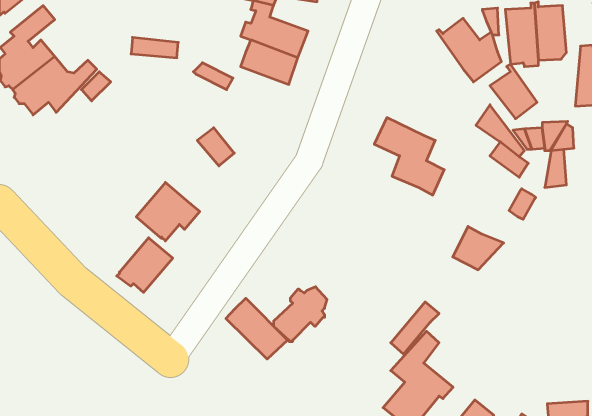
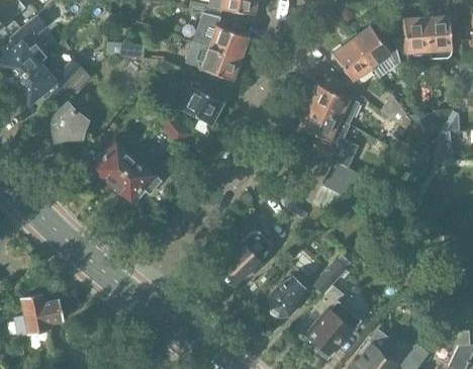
building: [490,64,537,119] -> [333,36,370,80]
building: none -> [180,85,222,133]
building: none -> [309,85,349,119]
building: none -> [52,102,86,141]
building: [453,226,504,270] -> [322,161,363,195]
building: [117,238,173,292] -> [89,141,133,184]
building: [226,298,288,359] -> none
building: none -> [269,277,307,315]
building: none -> [13,292,64,336]

